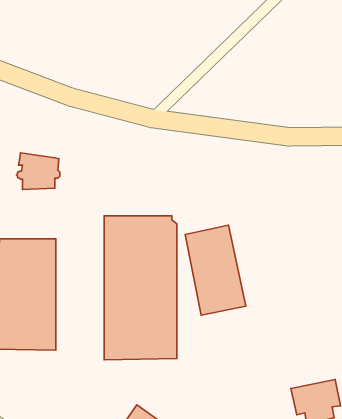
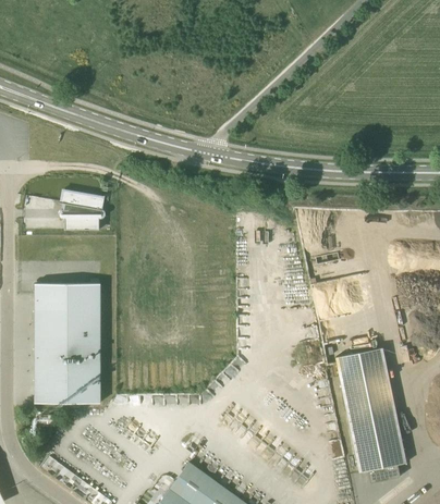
building: [104,216,177,360] -> none
building: [185,225,246,315] -> [334,348,400,445]

